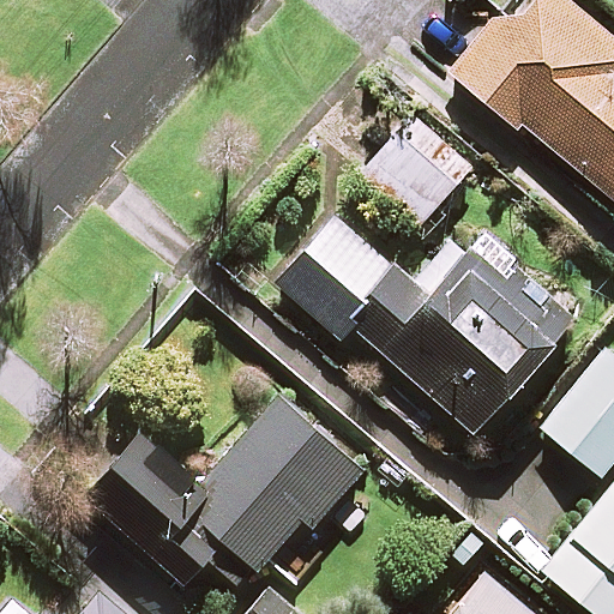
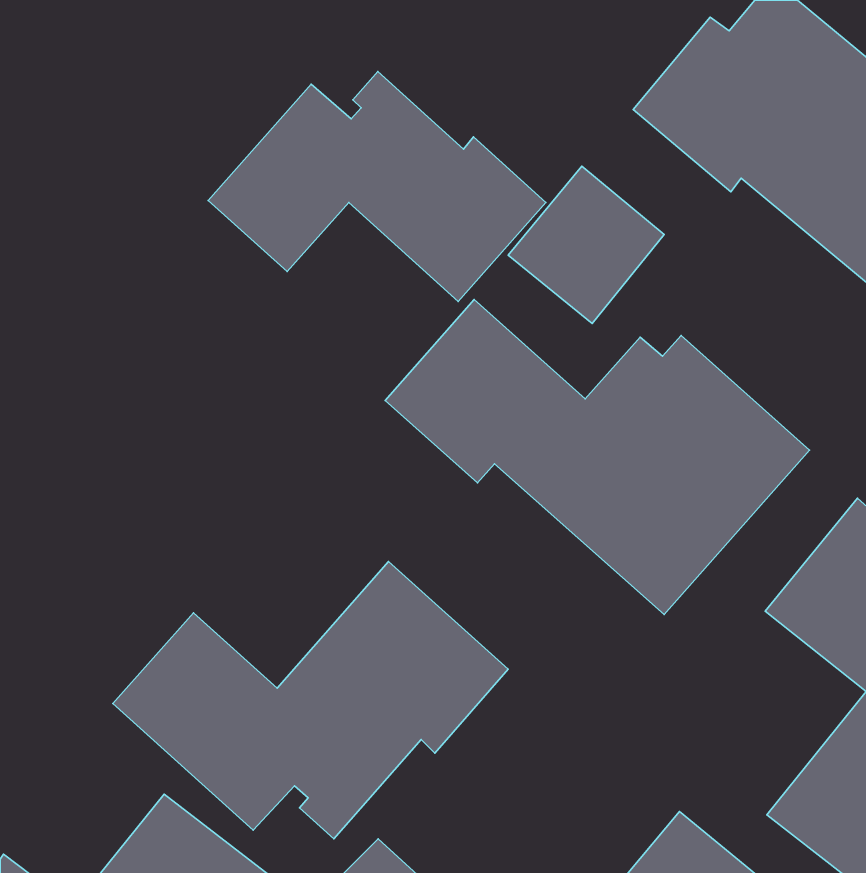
building: none -> [208,72,546,301]

